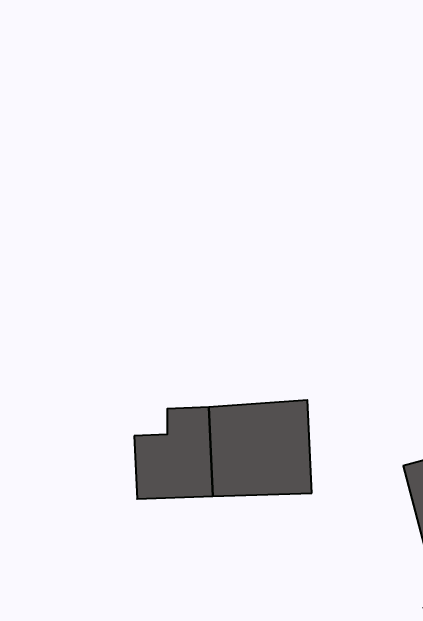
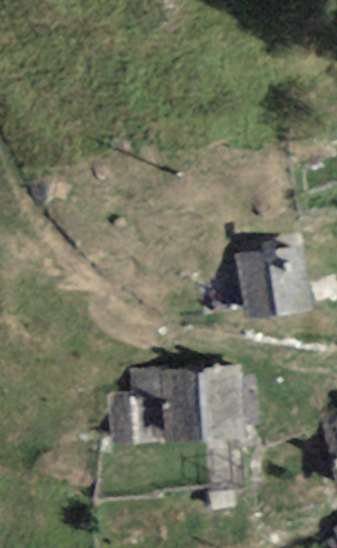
building: none -> [236,241,314,319]

